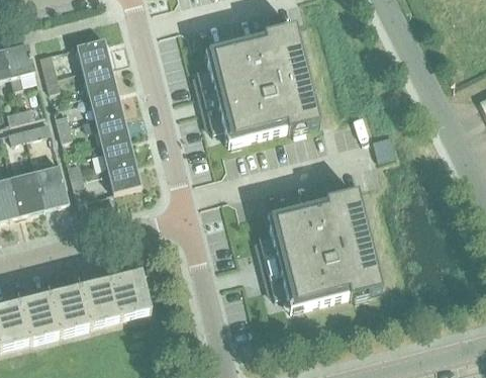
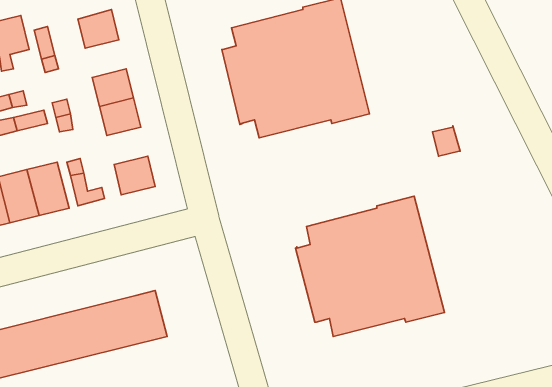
building: [82,62,116,93] -> none
building: [100,134,134,166] -> none

